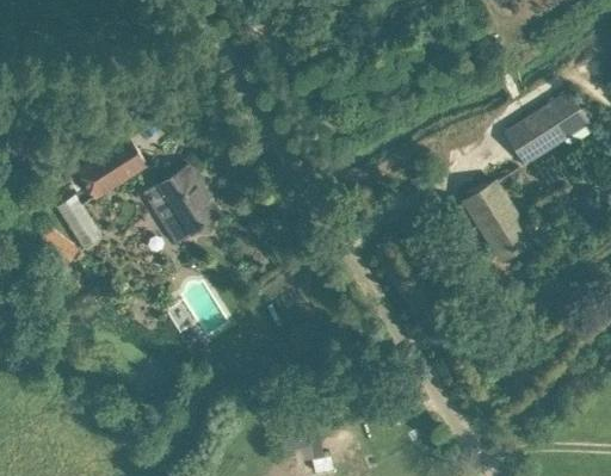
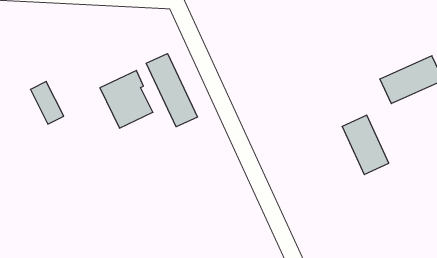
building: [76,136,147,197] -> none
building: none -> [146,54,198,127]

